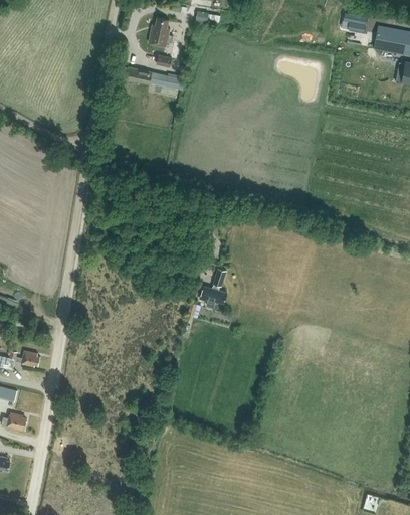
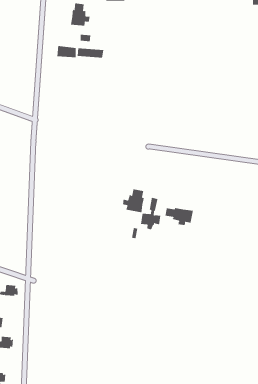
building: none -> [122,188,145,213]
building: none -> [165,207,194,226]

